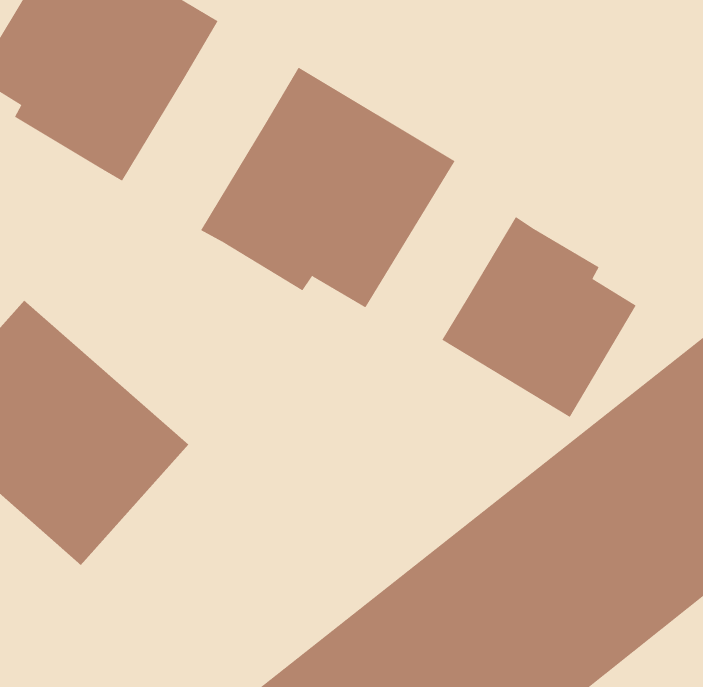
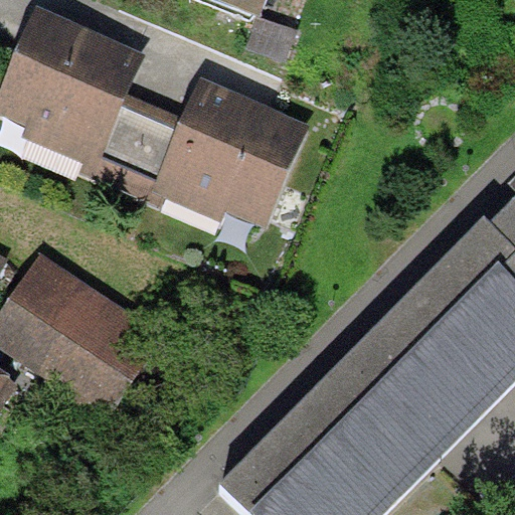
building: none -> [74,94,182,208]
building: [441,216,637,418] -> none

